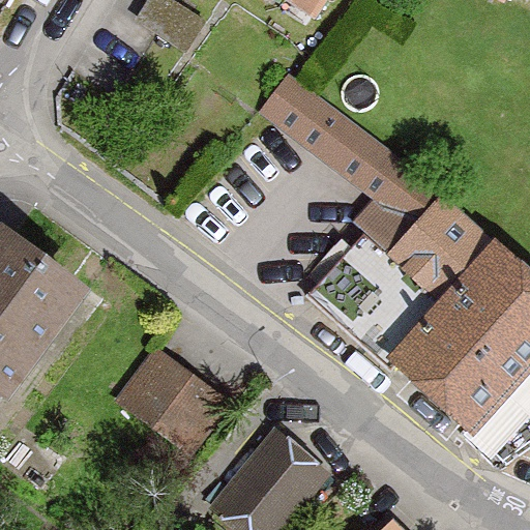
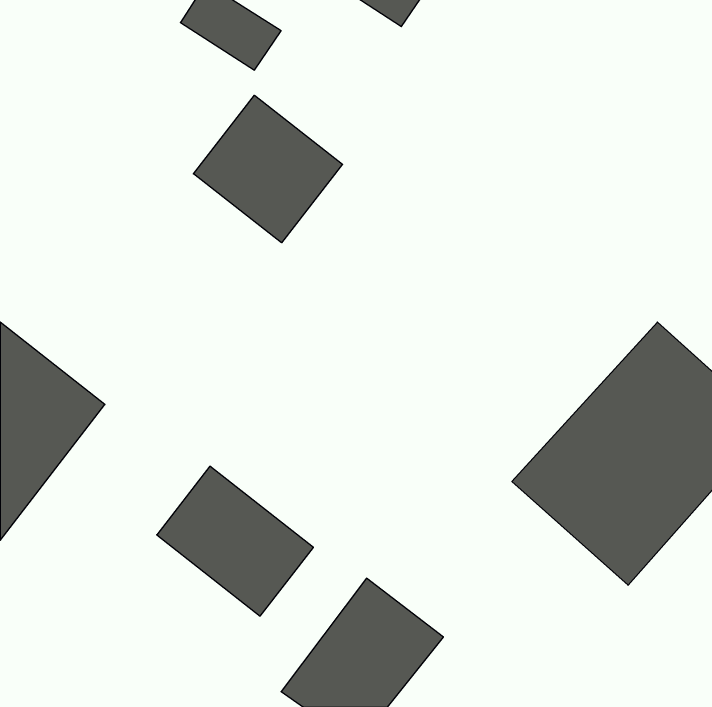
building: none -> [193,95,343,243]
building: [264,79,483,296] -> none

